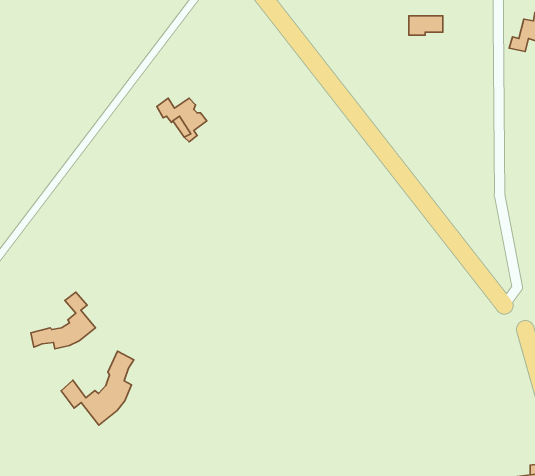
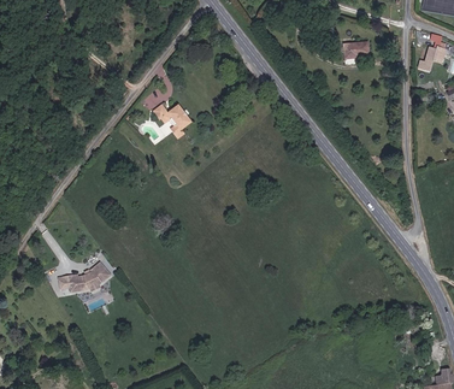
building: [61,351,134,425] -> none

